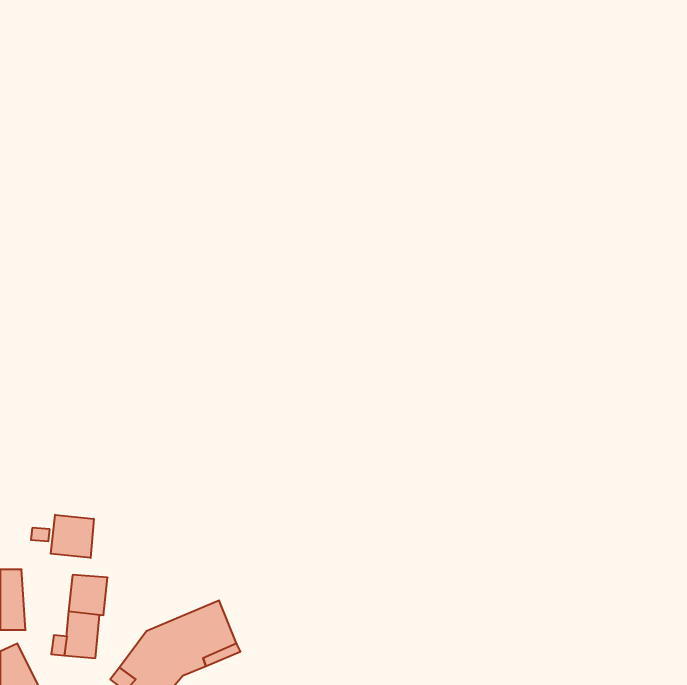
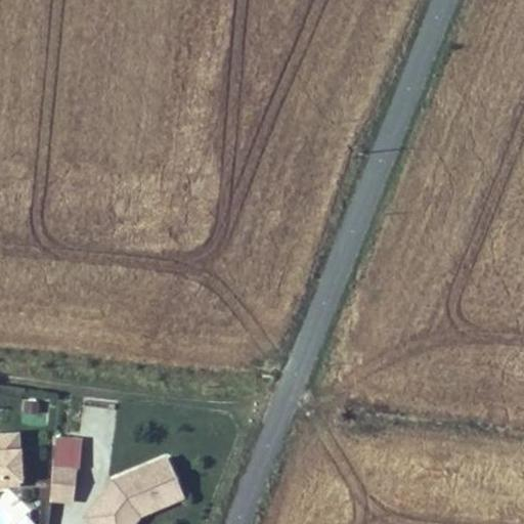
building: [51,515,94,558] -> none

